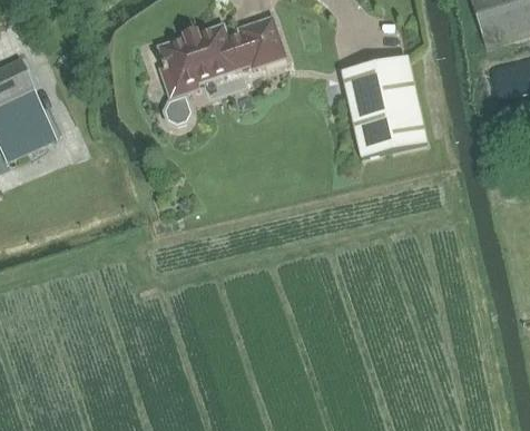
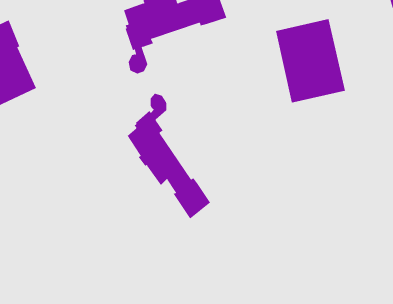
building: none -> [127,93,211,220]

